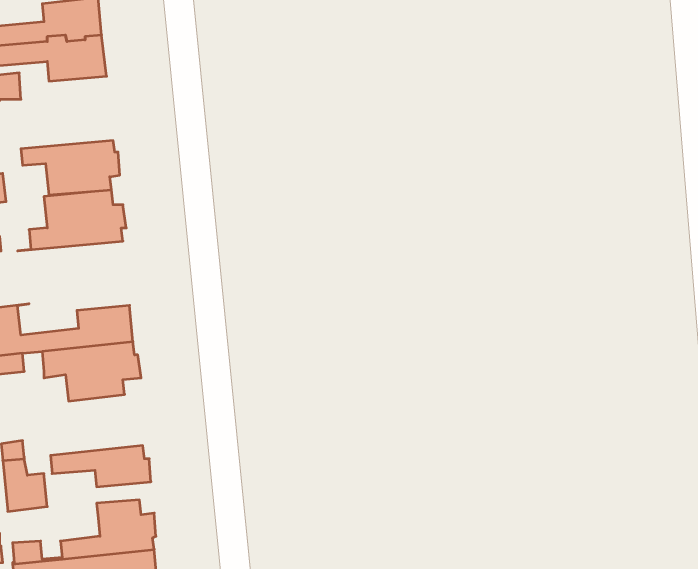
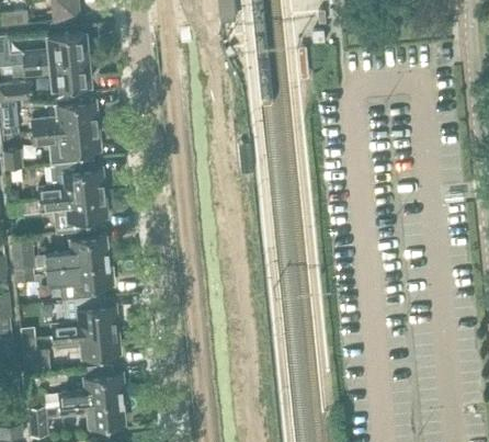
building: none -> [32,103,95,134]
building: none -> [31,195,106,235]
building: none -> [52,297,116,338]

